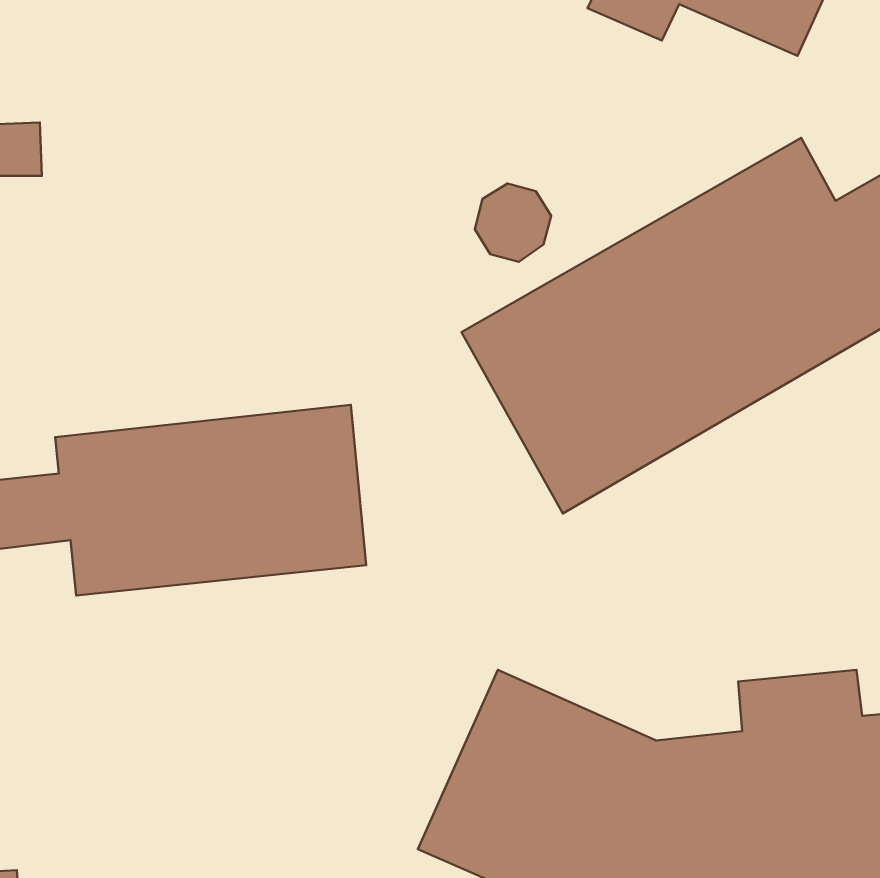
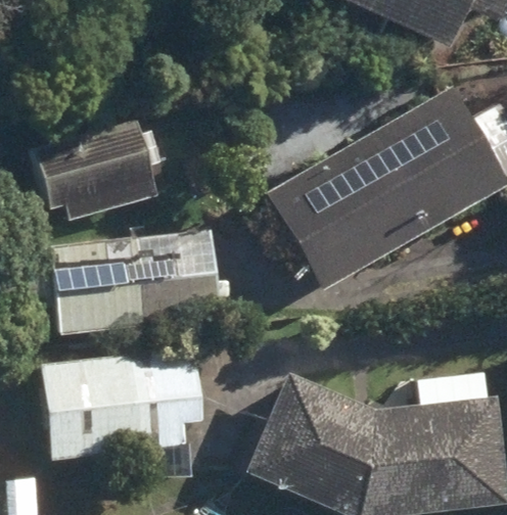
building: none -> [34,123,156,218]
building: none -> [46,354,202,479]

